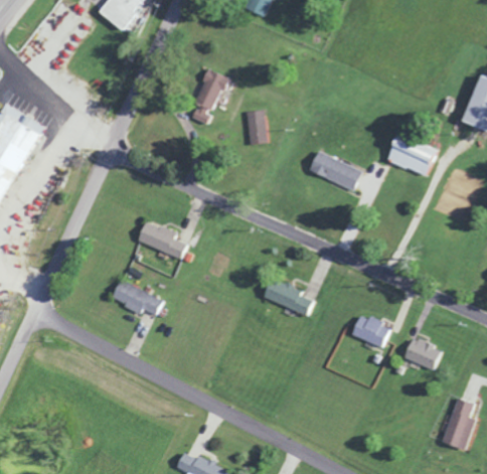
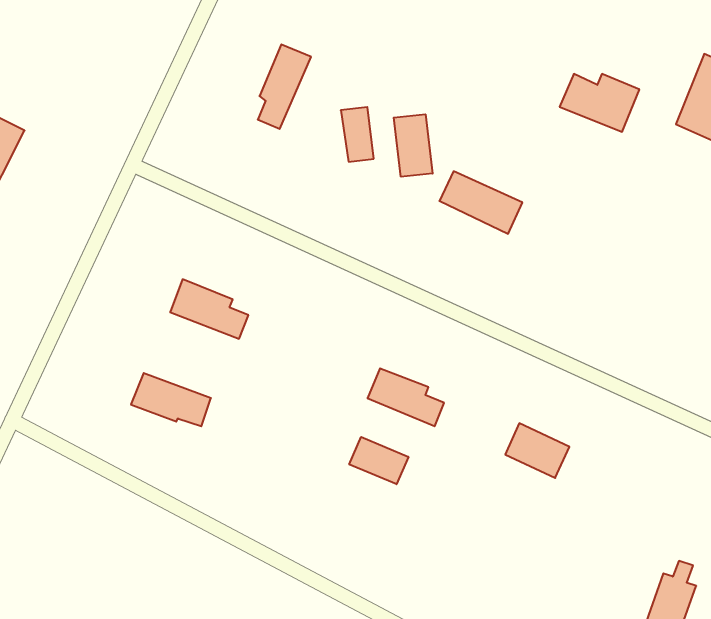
building: none -> [394,114,433,177]
building: [384,139,436,176] -> [560,74,639,132]
building: none -> [349,437,408,484]
building: [403,337,440,368] -> none

